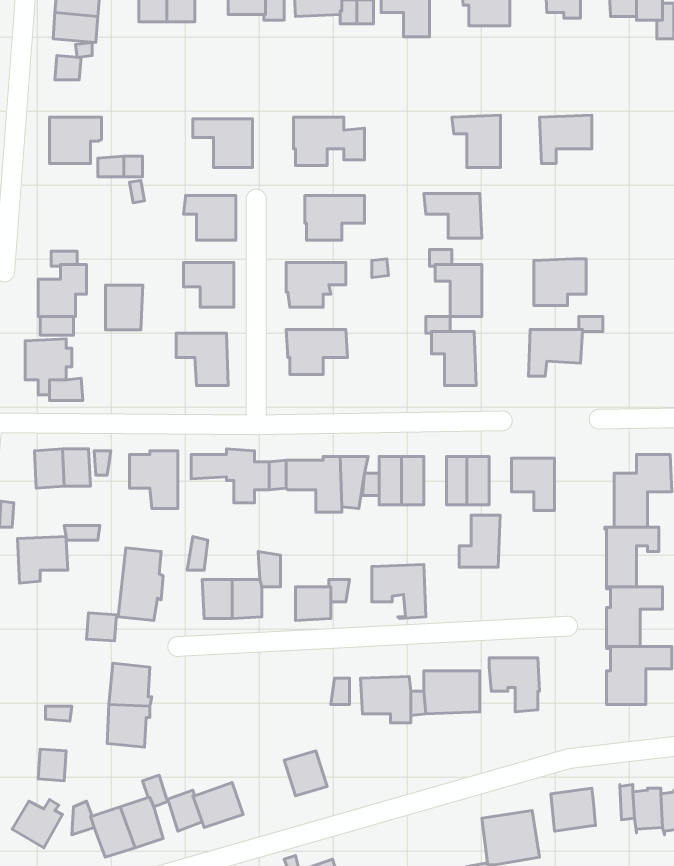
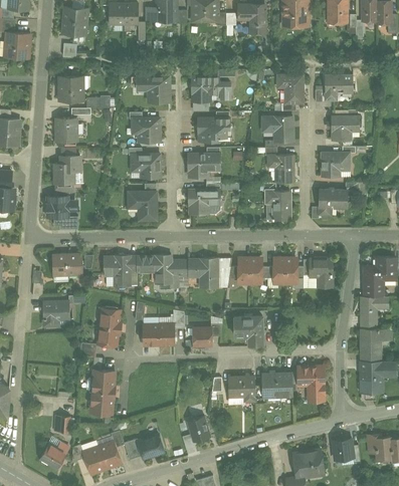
building: none -> [331,116,359,141]
building: [106,285,143,330] -> [55,117,75,142]
building: [459,515,500,567] -> none

